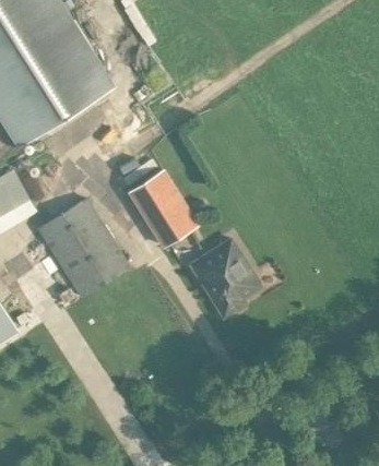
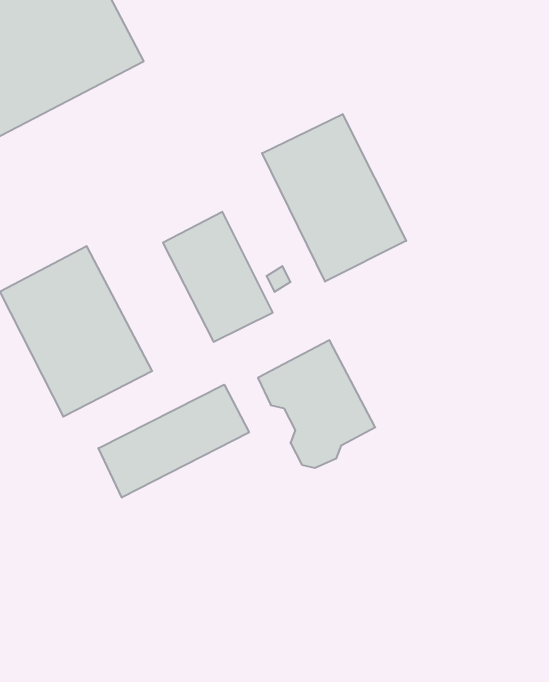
building: none -> [262,114,406,282]
building: none -> [98,385,249,498]

